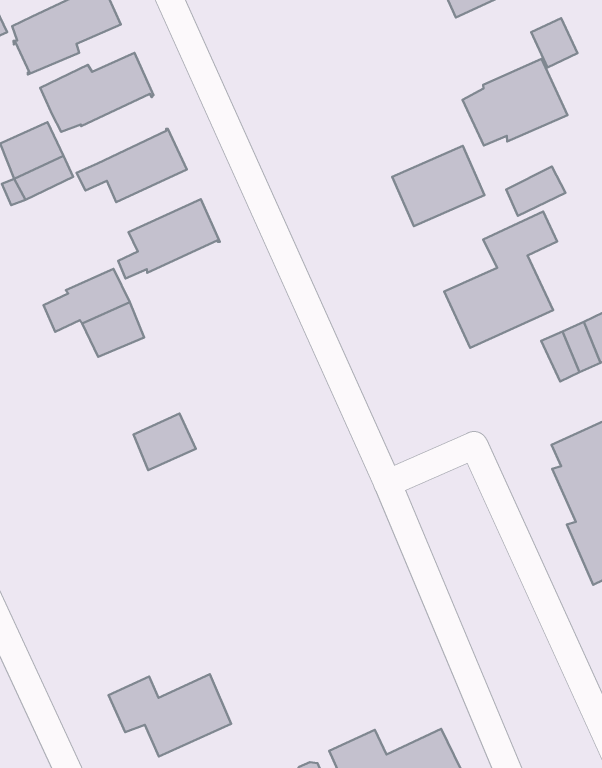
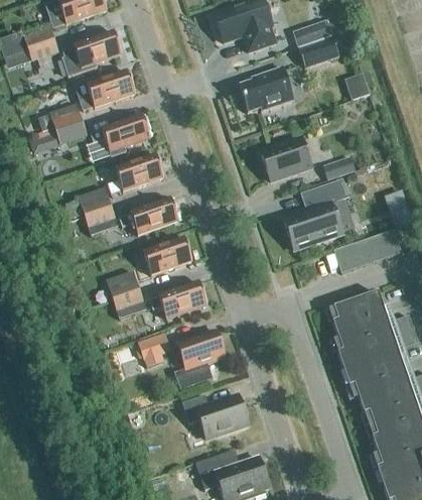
building: [463,59,567,146] -> [239,67,295,111]
building: none -> [119,196,179,234]
building: none -> [144,237,192,273]
building: none -> [150,279,207,318]
building: none -> [113,289,146,318]
building: none -> [175,330,226,388]
building: none -> [138,331,172,360]
building: [109,674,231,757] -> [182,393,248,438]

